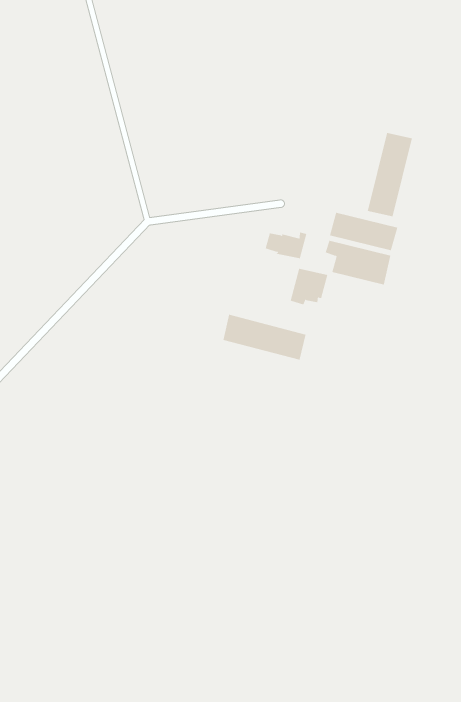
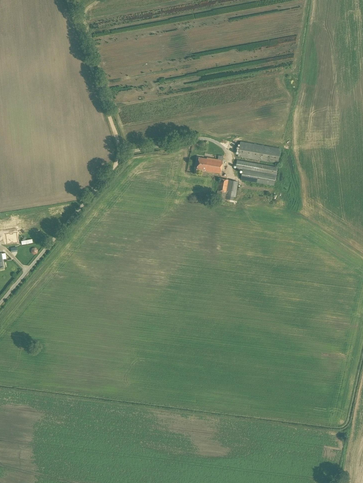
building: [367,132,412,217] -> none
building: [223,314,306,361] -> none

